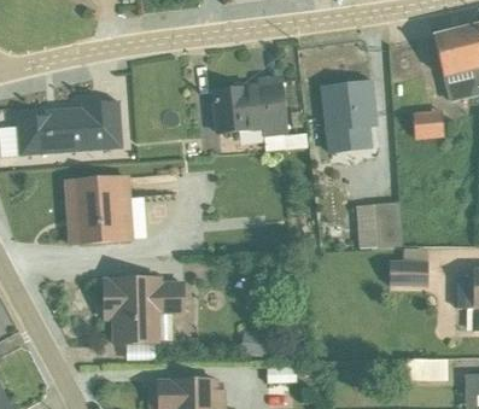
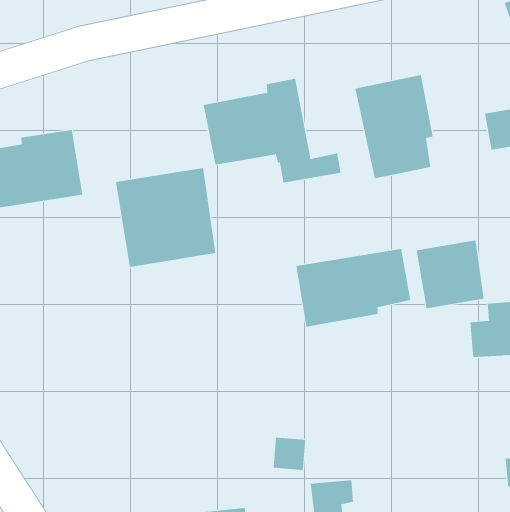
building: [65,175,133,241] -> [115,168,216,267]
building: none -> [296,248,411,328]
building: [103,276,183,358] -> none

